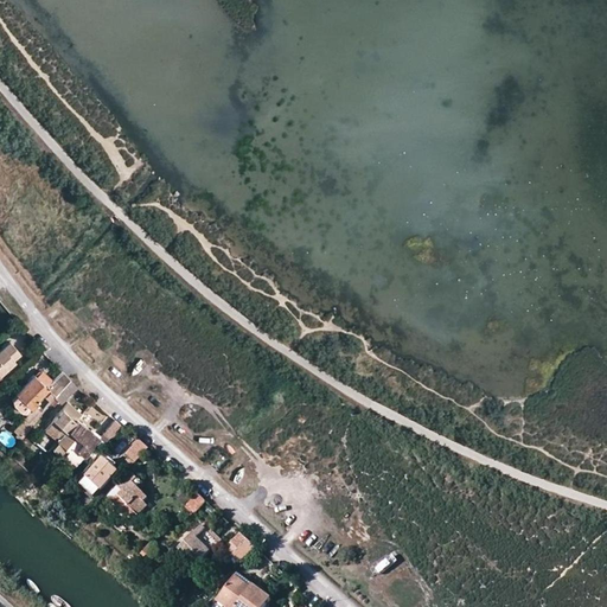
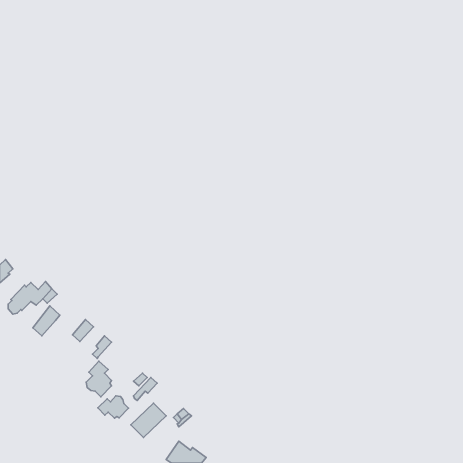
building: [51,418,92,465] -> none
building: [83,459,116,492] -> none
building: none -> [98,396,129,418]

